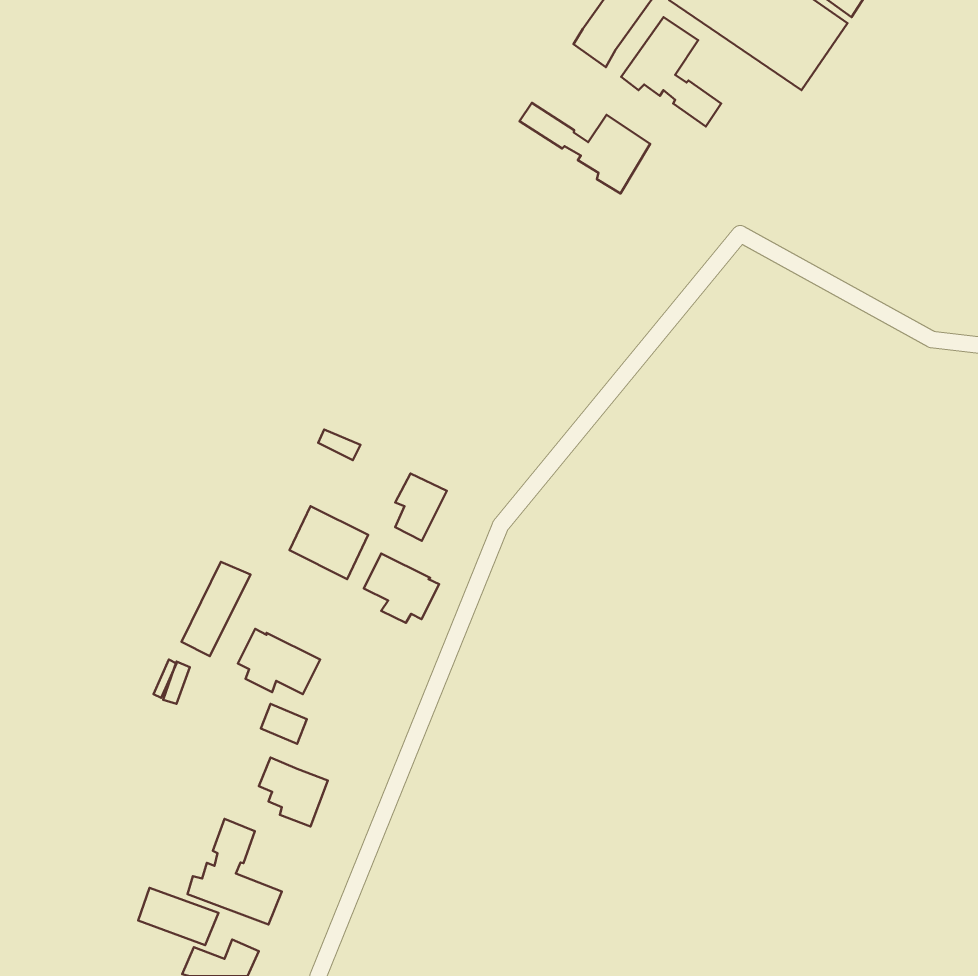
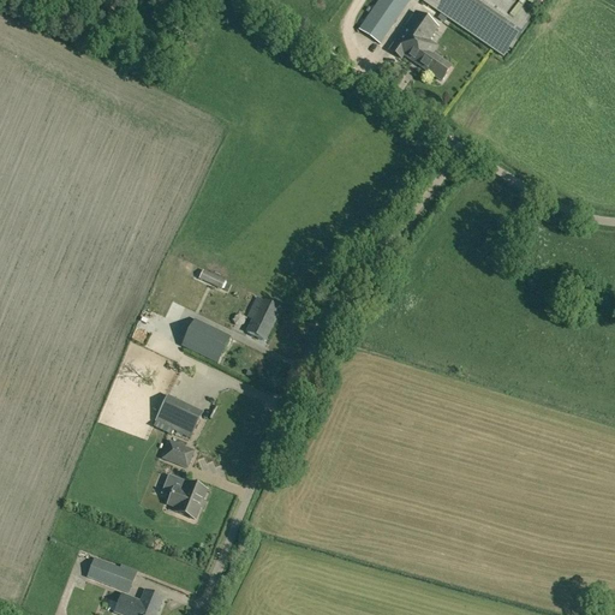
building: [520,103,650,193] -> none
building: [364,553,439,623] -> none
building: [182,562,251,656] -> none
building: [188,819,282,924] -> none

